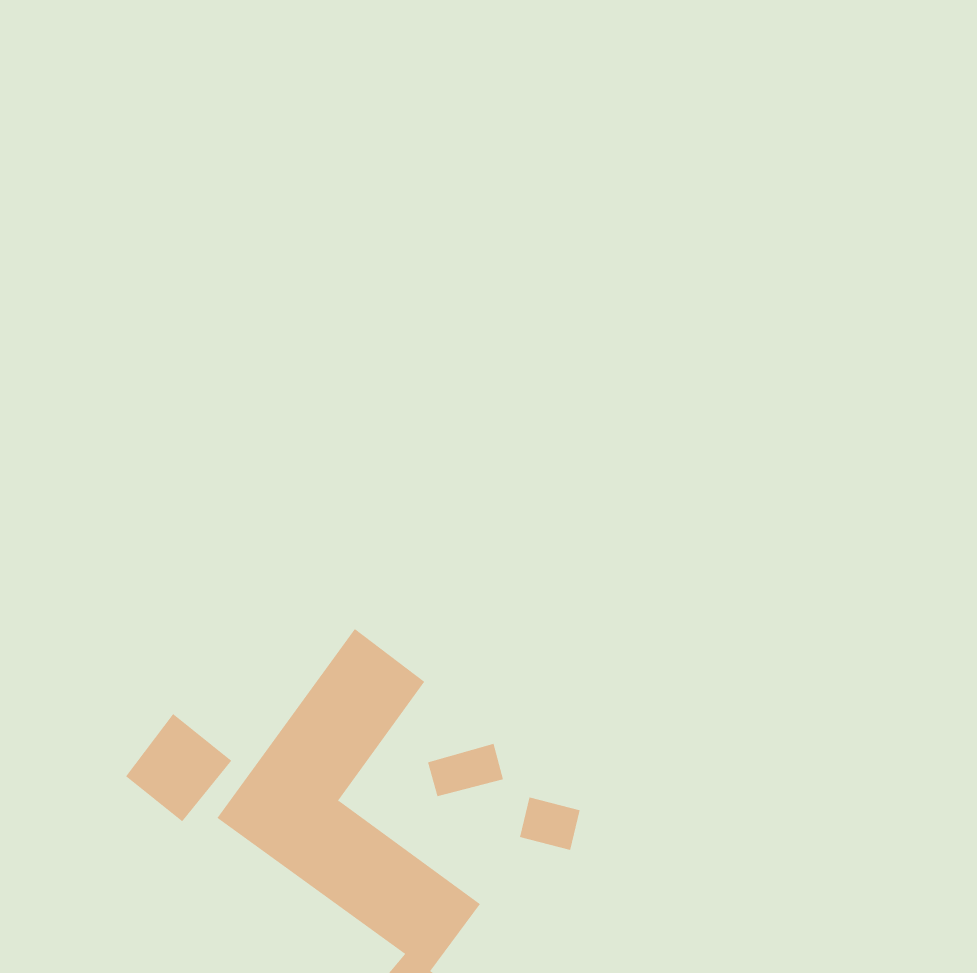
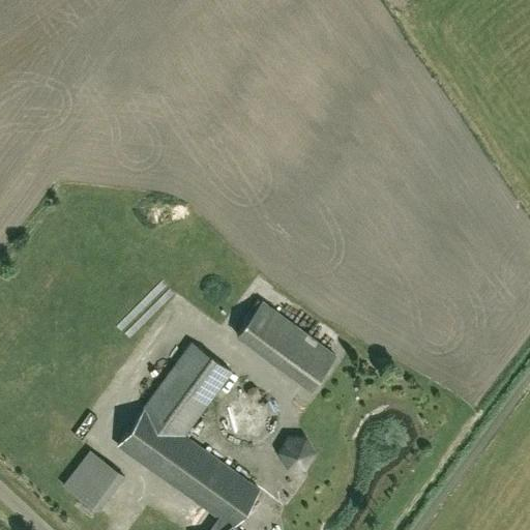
building: none -> [237,303,336,391]
building: [125,713,232,822] -> [66,453,124,512]

